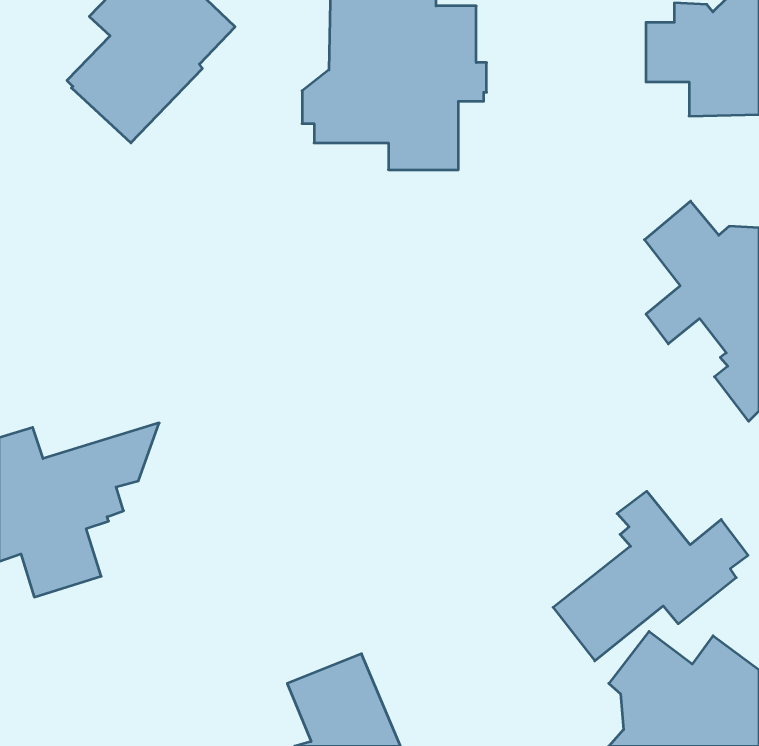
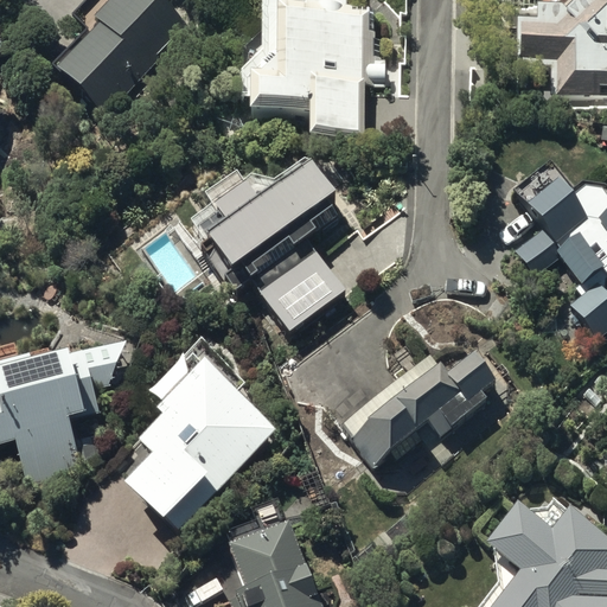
building: none -> [179,152,347,334]
building: none -> [124,338,279,532]
building: [553,491,748,661] -> [340,331,496,466]

